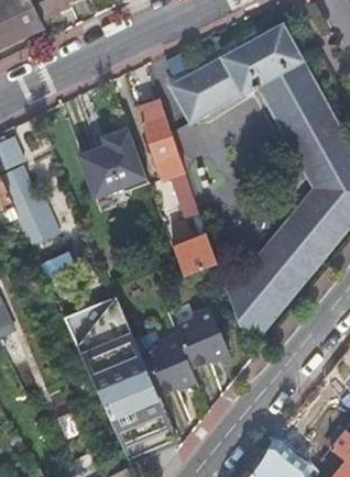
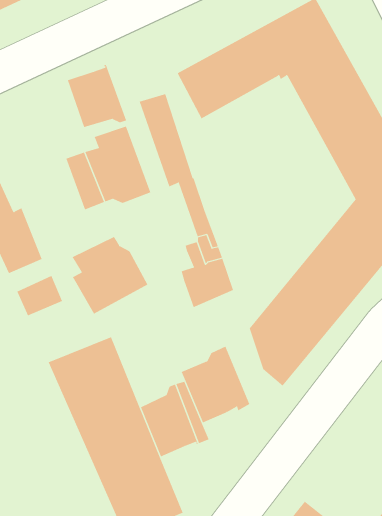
building: none -> [67,64,127,128]
building: none -> [72,236,148,315]

